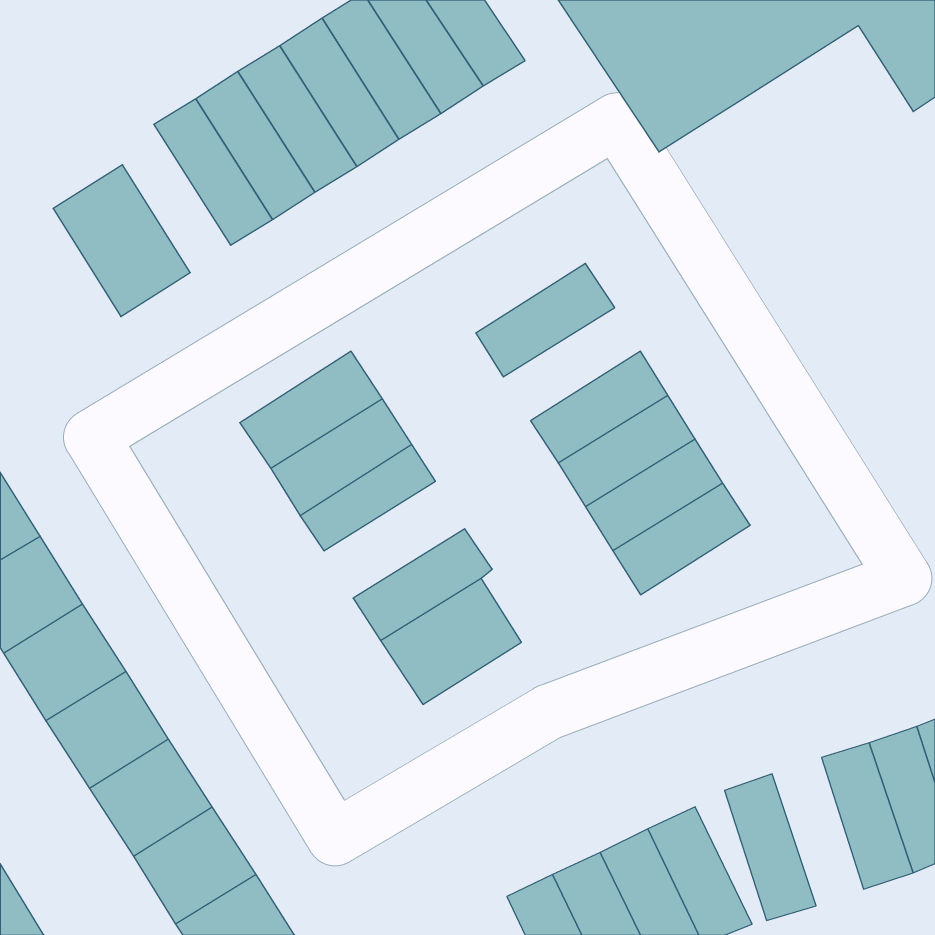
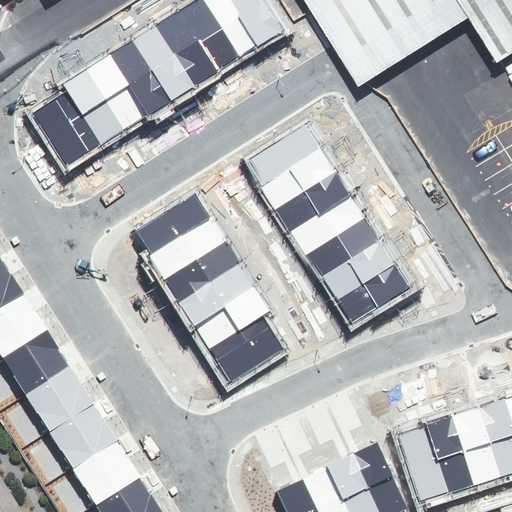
building: none -> [61,68,126,149]
building: none -> [245,120,320,182]
building: none -> [275,168,350,230]
building: none -> [177,263,254,327]
building: none -> [422,414,472,495]

